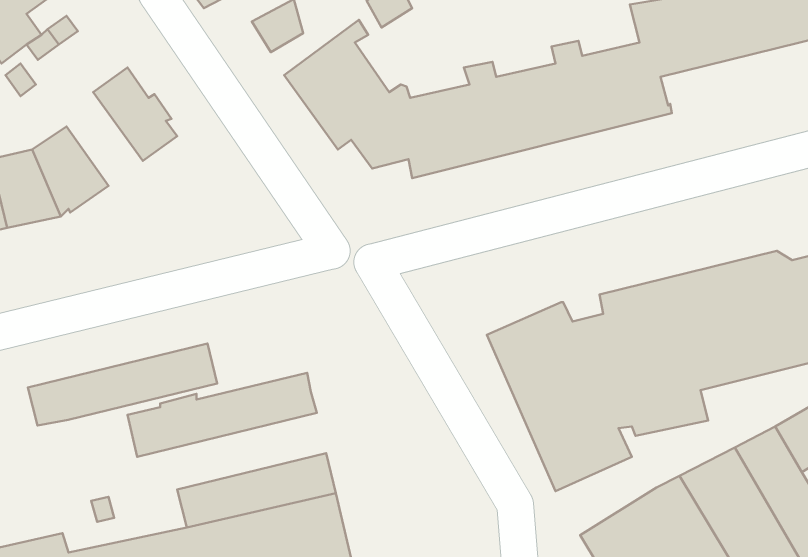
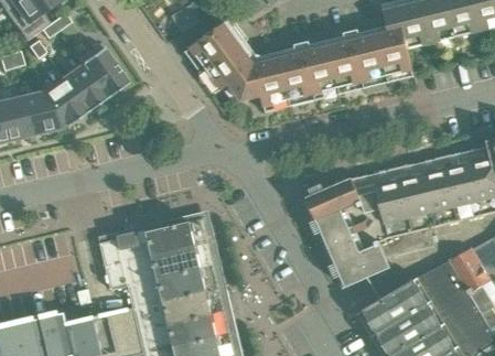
building: none -> [63,56,107,110]
building: [28,343,217,426] -> [104,241,213,289]

